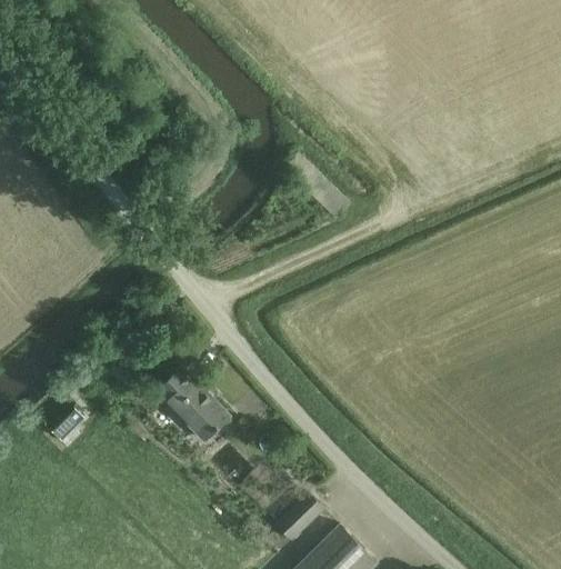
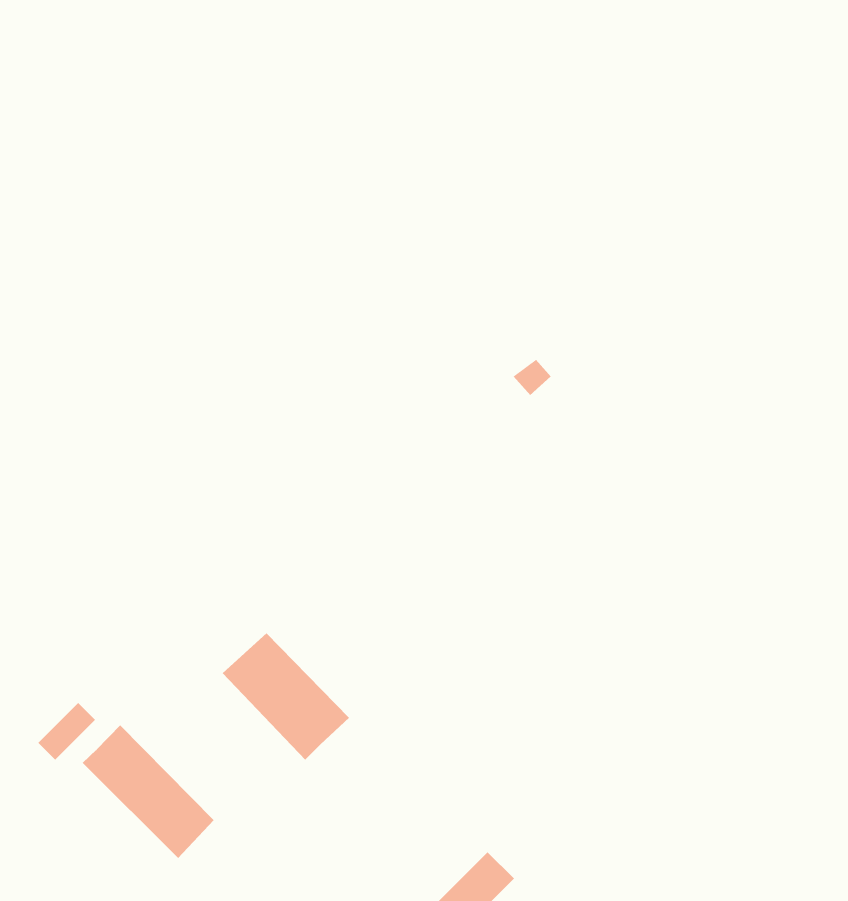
building: none -> [82,724,215,859]

